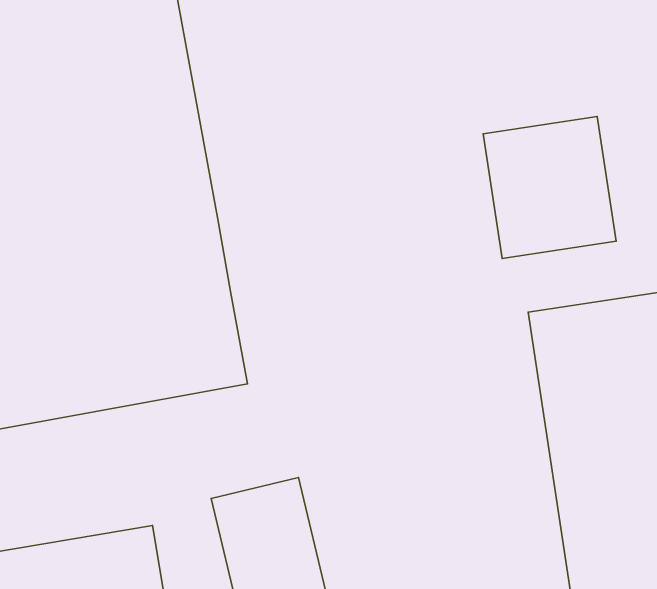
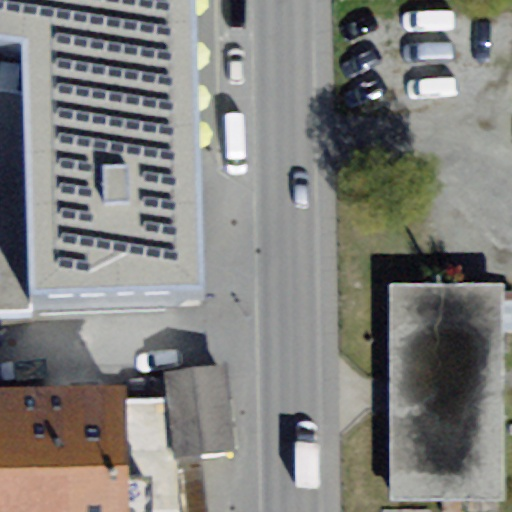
building: [483,116,616,258] -> none

